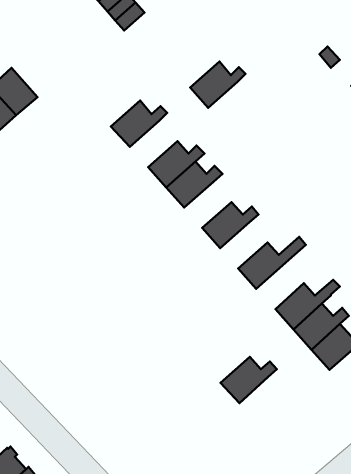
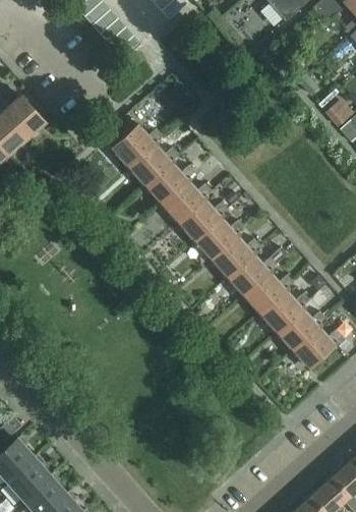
building: [190,62,245,108] -> [128,143,178,184]
building: none -> [177,197,228,239]
building: none -> [210,234,260,276]
building: [220,357,277,403] -> [242,271,293,312]

